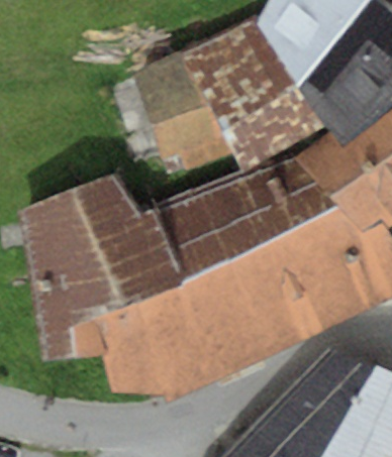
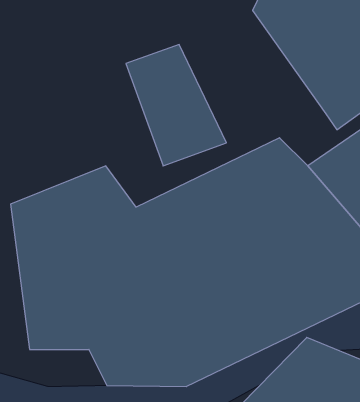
building: [195,15,342,163] -> none

